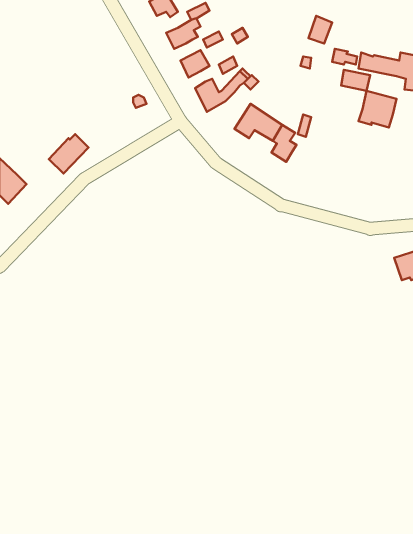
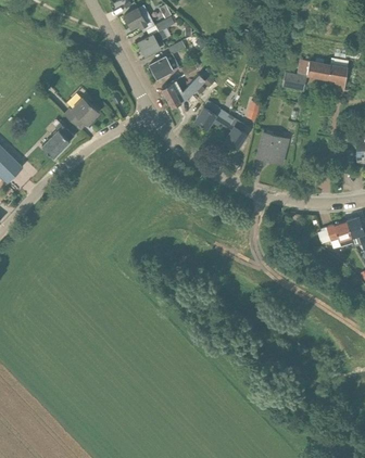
building: [358,91,397,128] -> [256,132,288,163]
building: none -> [63,97,99,127]

